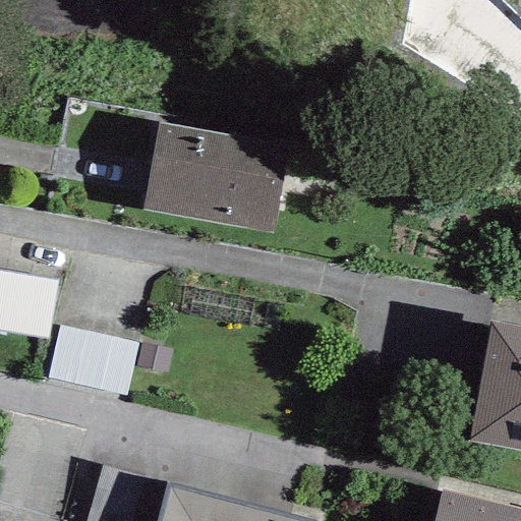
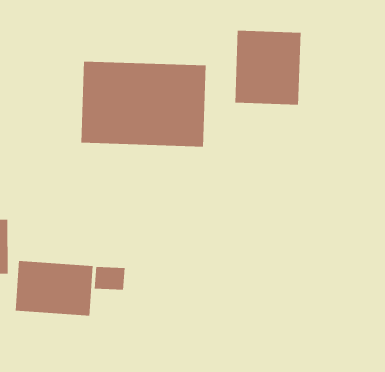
building: none -> [235,30,301,106]

